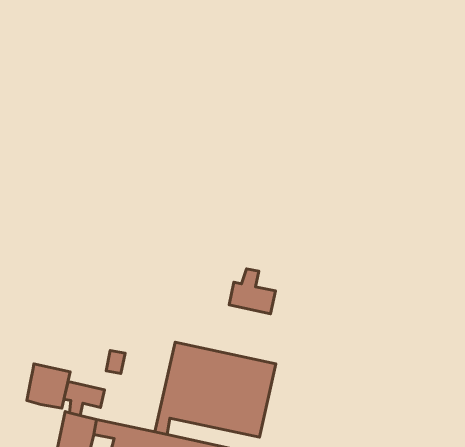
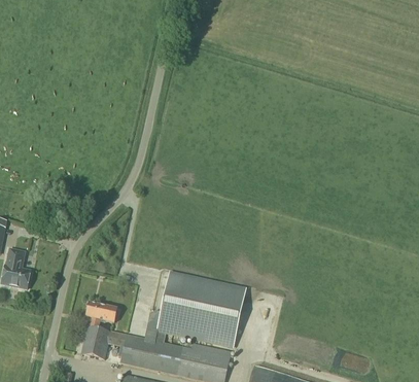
building: [229,269,275,314] -> none
building: [27,364,70,408] -> none

